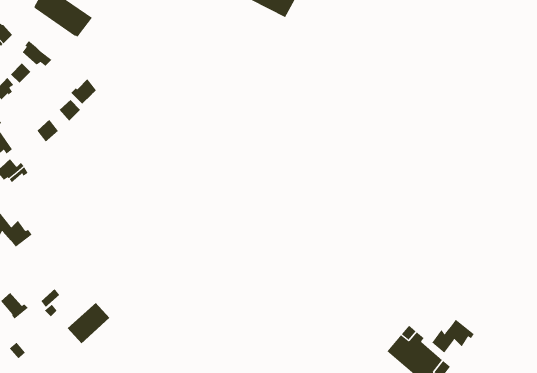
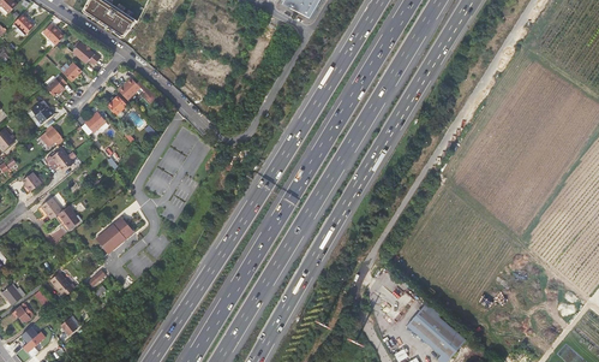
building: [67,302,110,344] -> [97,216,137,255]
building: [431,319,474,353] -> none

